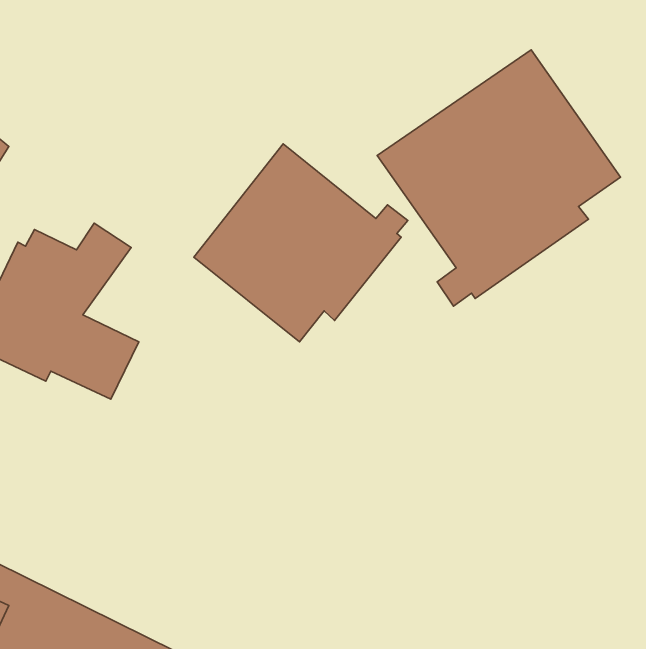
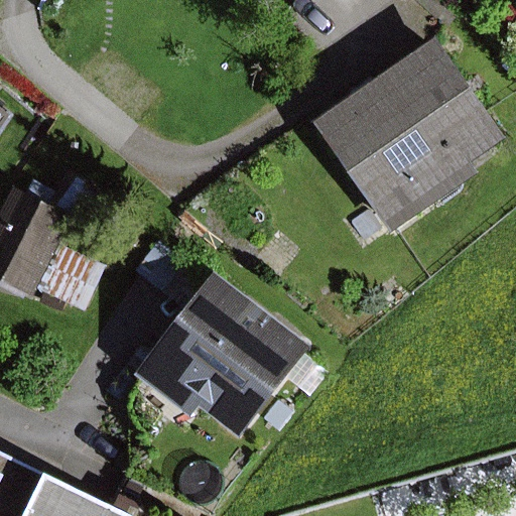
building: [194,144,408,342] -> none
building: none -> [141,250,316,441]

